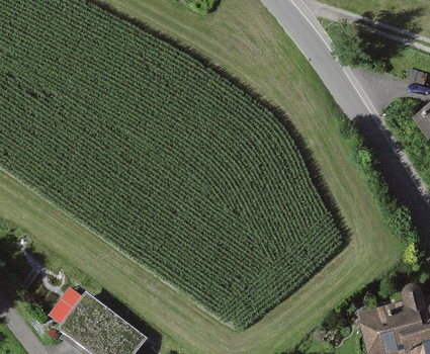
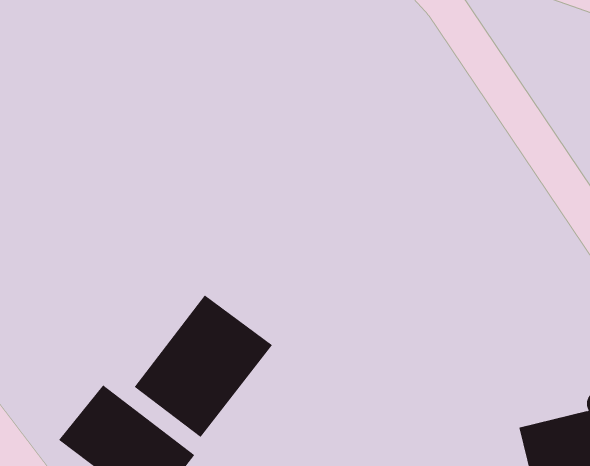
building: none -> [134,295,273,438]

